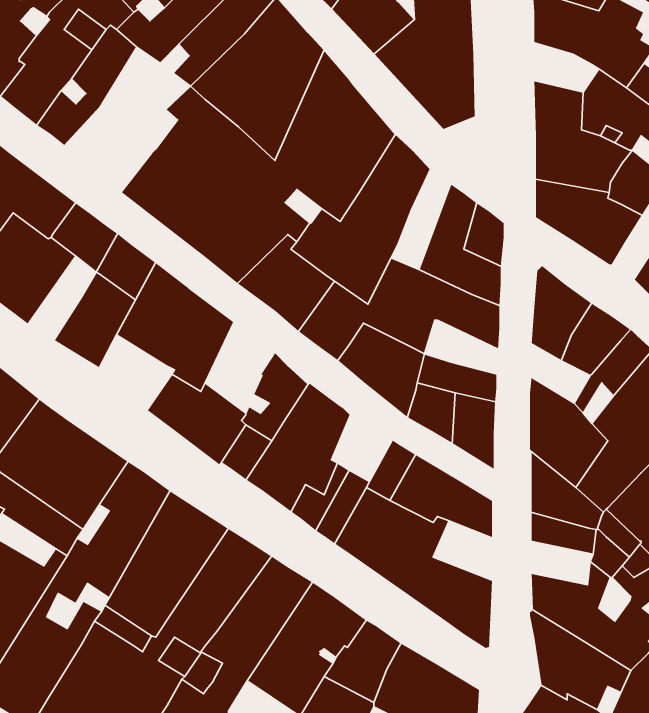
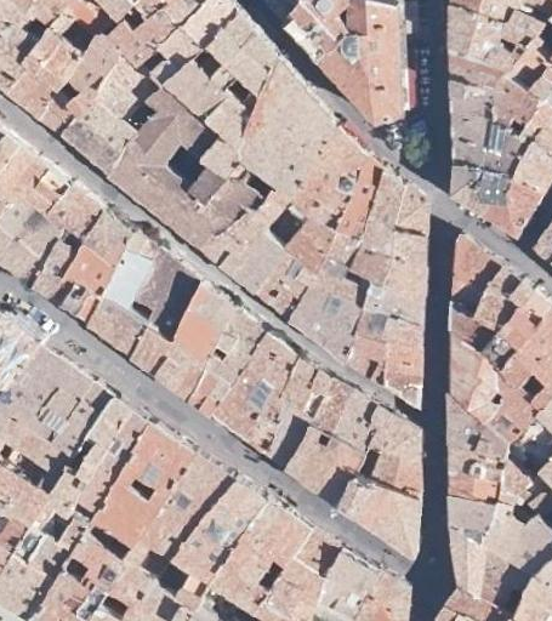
building: none -> [453,50,507,91]
building: none -> [61,53,166,175]
building: none -> [334,155,383,239]
building: none -> [30,228,87,298]
building: none -> [362,281,423,326]
building: none -> [178,283,237,359]
building: none -> [87,294,153,357]
building: none -> [450,301,500,351]
building: none -> [284,360,335,416]
building: none -> [369,449,419,498]
building: none -> [450,466,502,502]

